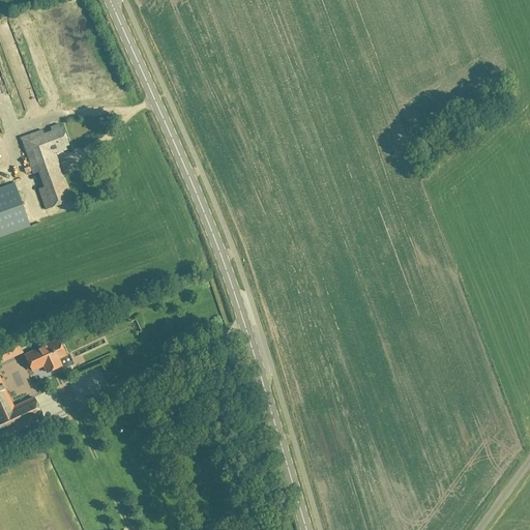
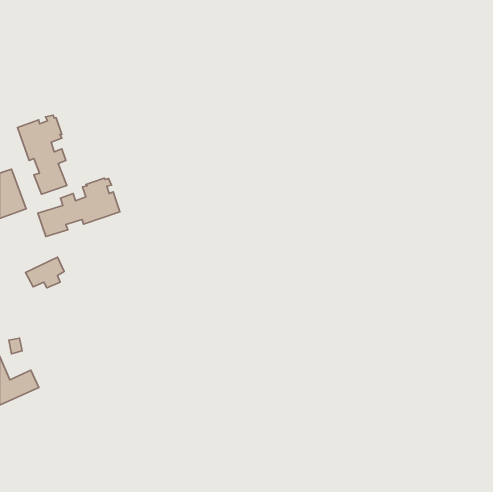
building: none -> [38,178,120,236]
building: [23,337,64,371] -> [25,257,64,288]

